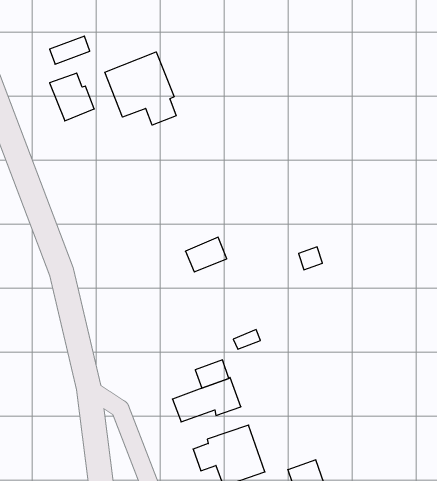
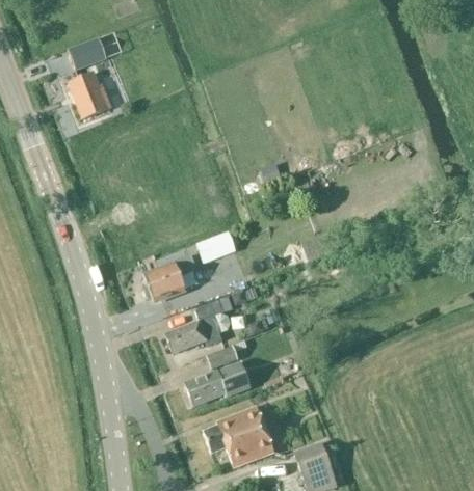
building: [105,52,176,125] -> none
building: none -> [143,254,194,300]
building: none -> [166,295,233,352]

